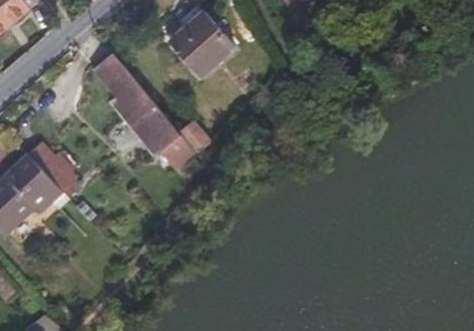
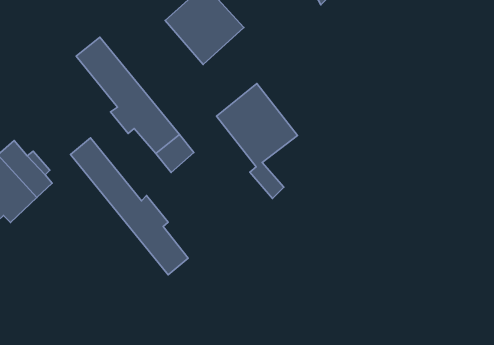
building: none -> [216,83,298,198]
building: none -> [70,138,188,275]

